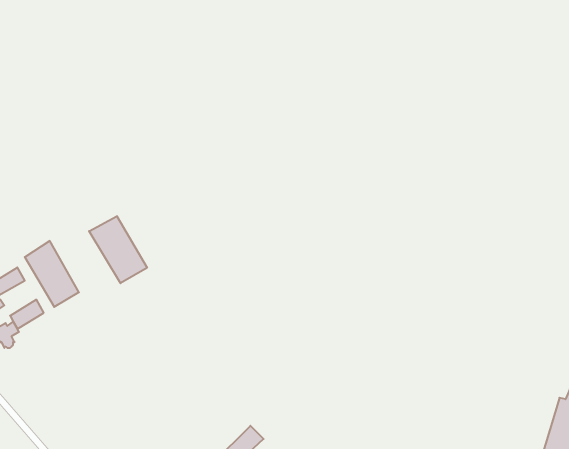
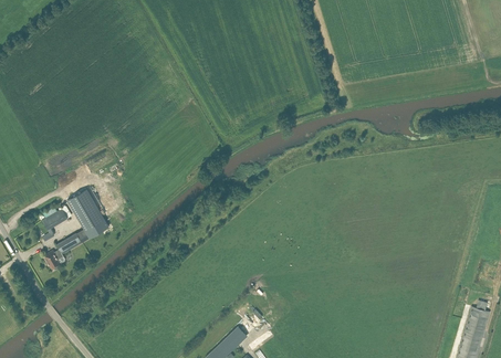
building: [89,216,147,283] -> none

